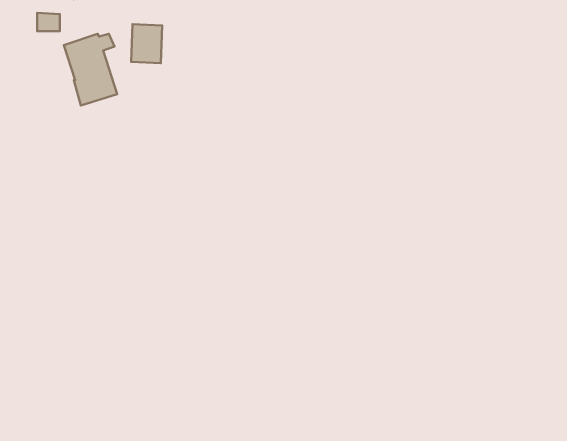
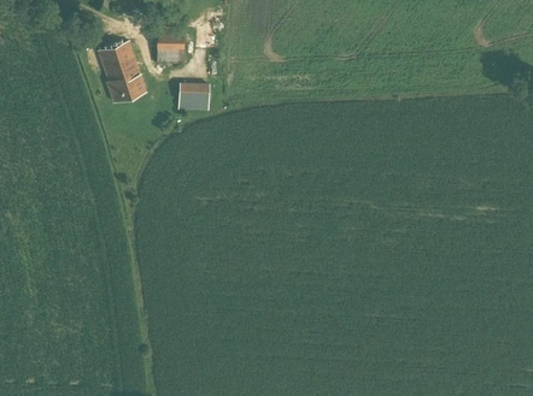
building: none -> [177,83,210,111]

